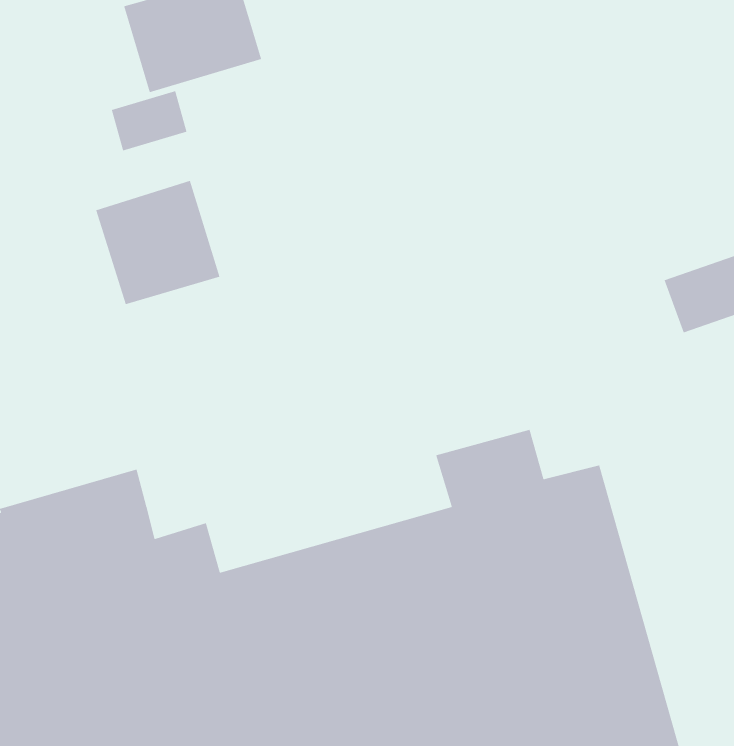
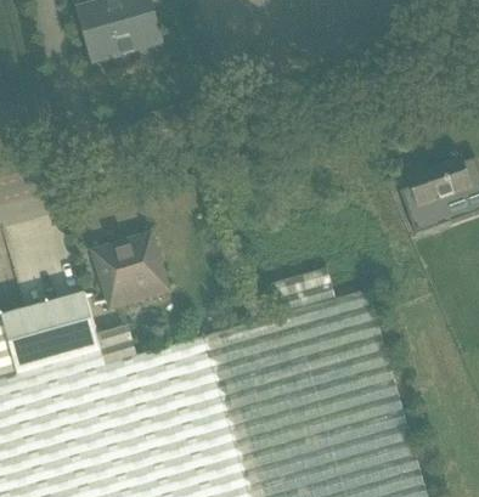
building: [111,90,188,151] -> none
building: [95,180,220,305] -> [92,238,169,315]

